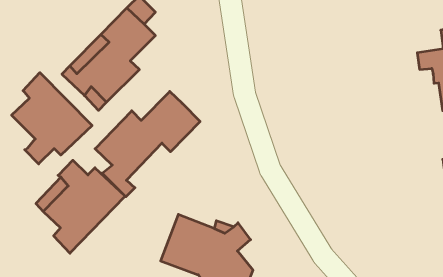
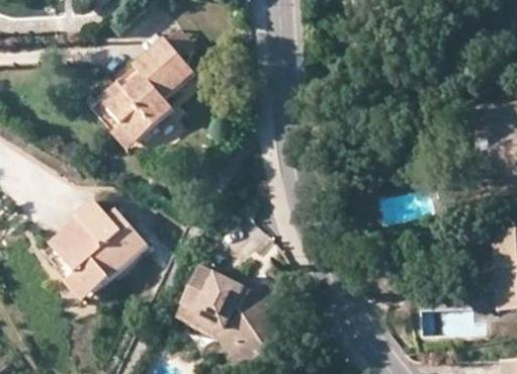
building: [12,73,92,164] -> none
building: [95,91,200,197] -> none

